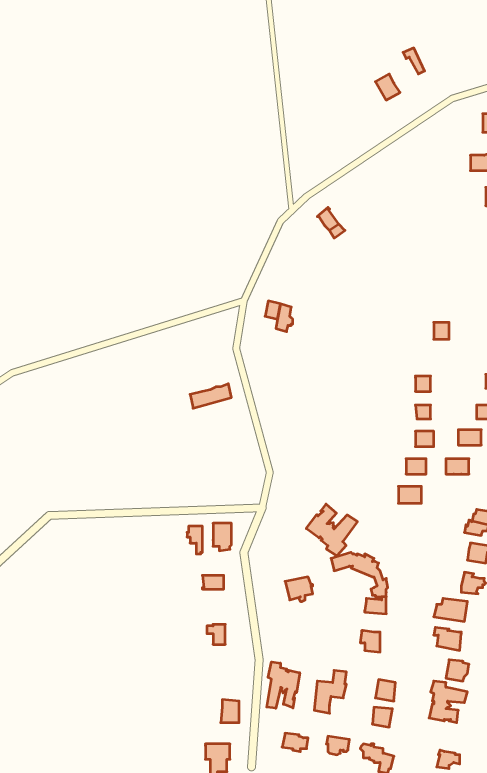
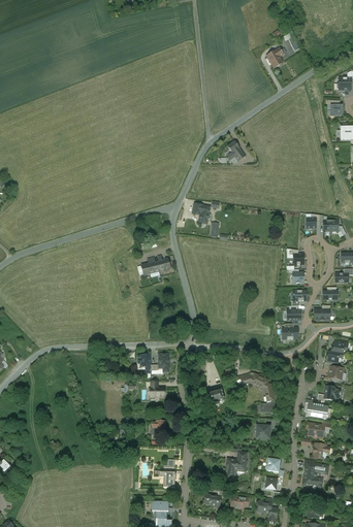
building: [306,504,357,556] -> none
building: [267,662,300,708] -> none

